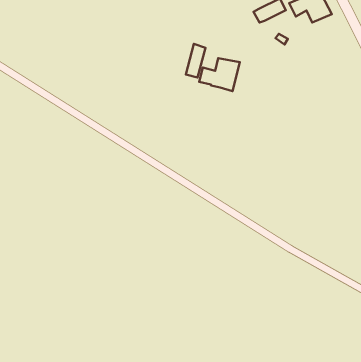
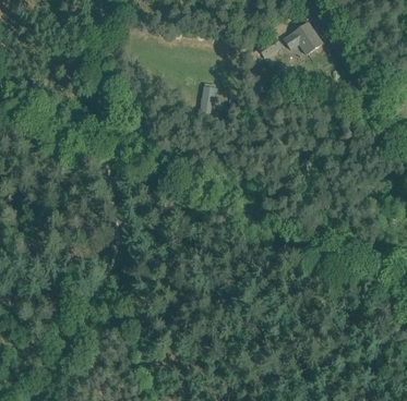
building: [199,58,240,91] -> none

